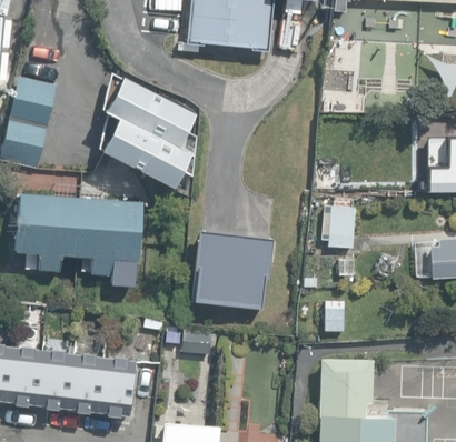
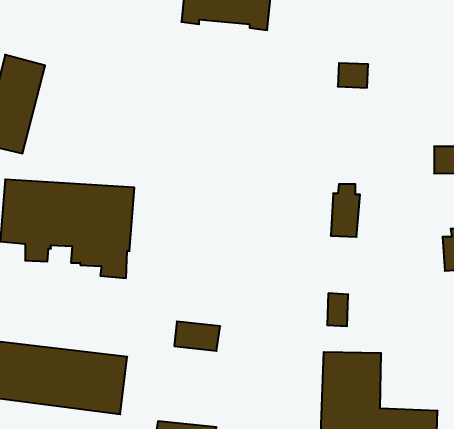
building: [103,76,200,194] -> none
building: [195,232,271,310] -> none

